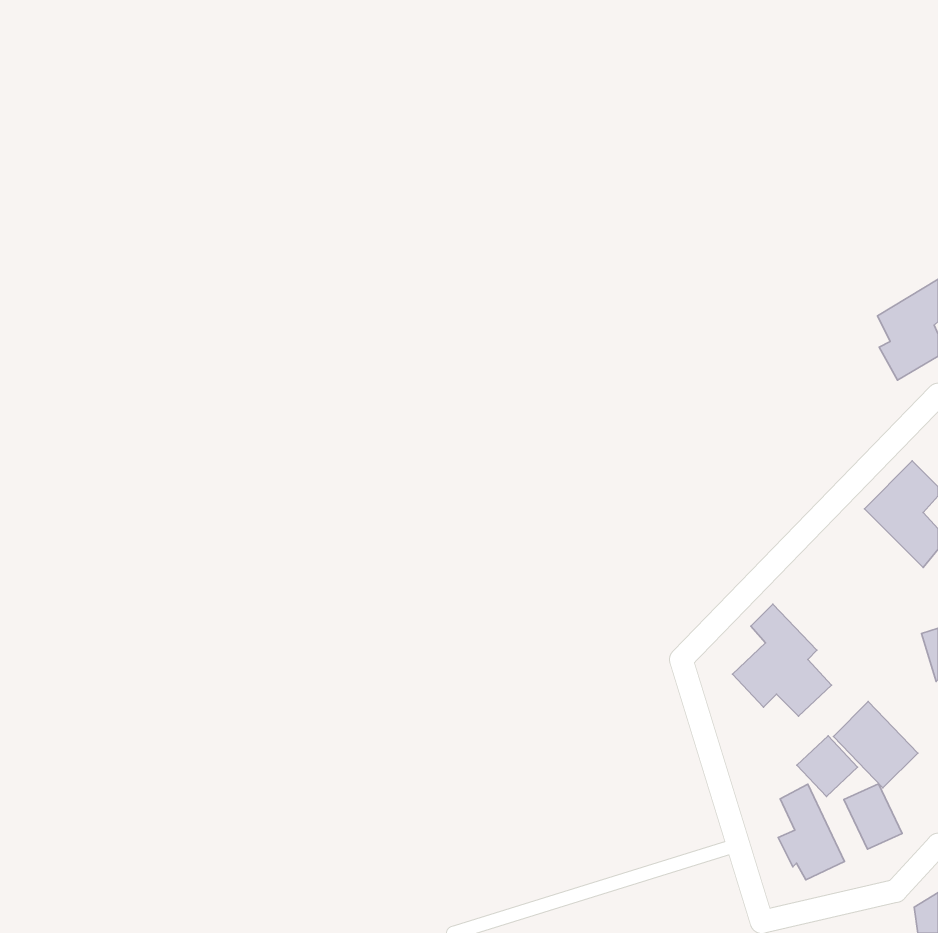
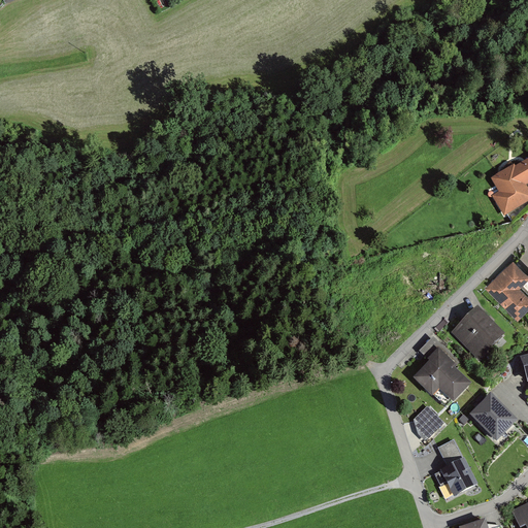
building: none -> [454,309,500,357]
building: [797,736,858,796] -> [412,402,447,436]
building: [844,784,902,849] -> none

